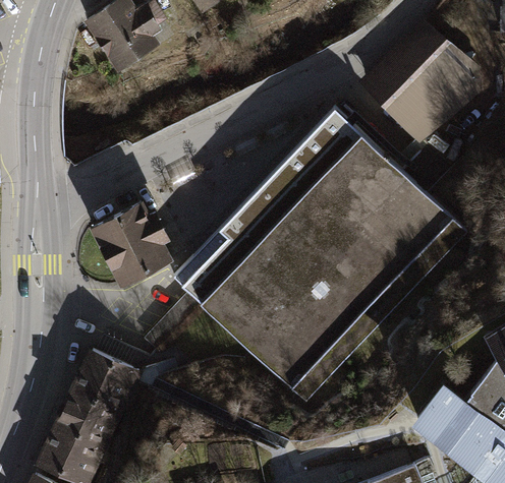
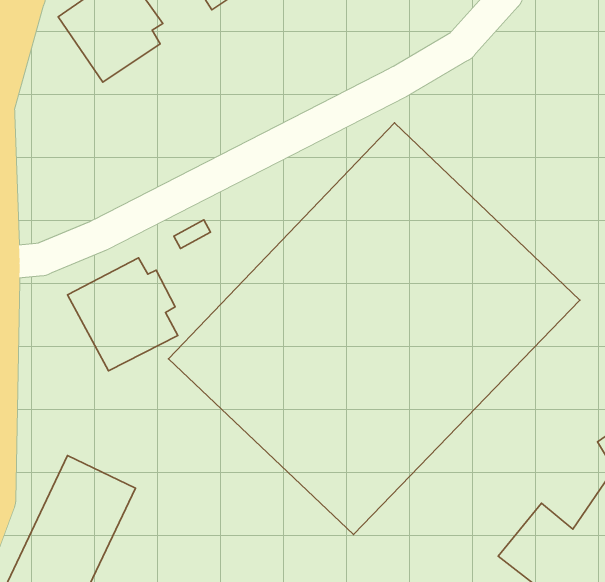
building: [361,21,484,143] -> none

